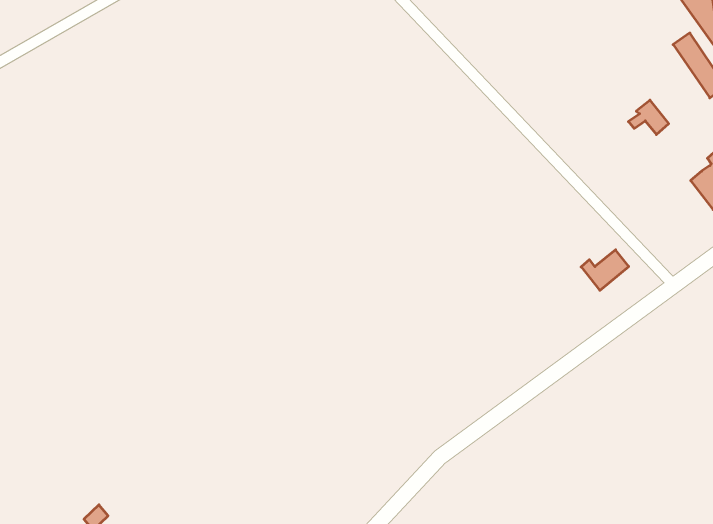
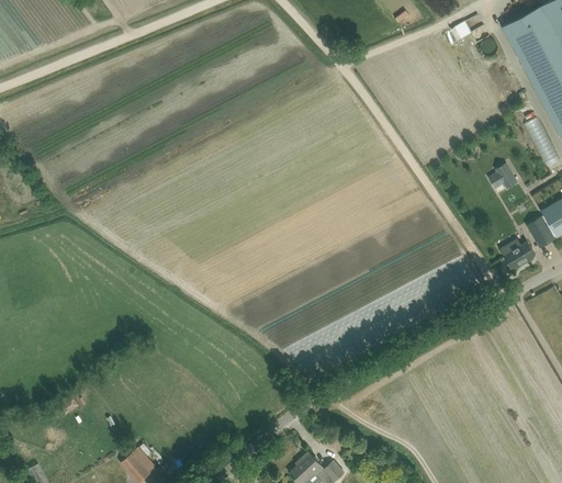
building: [581,250,629,290] -> [501,243,535,270]

